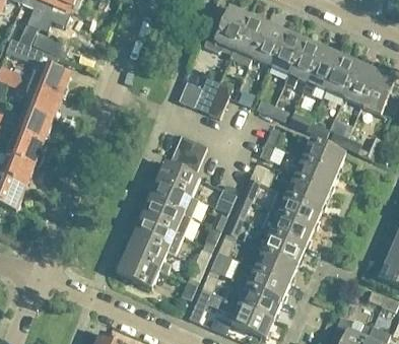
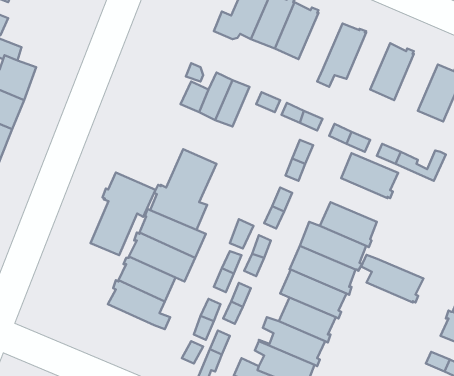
building: [270,30,304,74] -> none
building: [303,46,340,94] -> none
building: [343,62,377,106] -> none
building: none -> [91,172,155,255]
building: [290,154,338,191] -> [361,255,424,302]
building: [116,254,159,288] -> none

